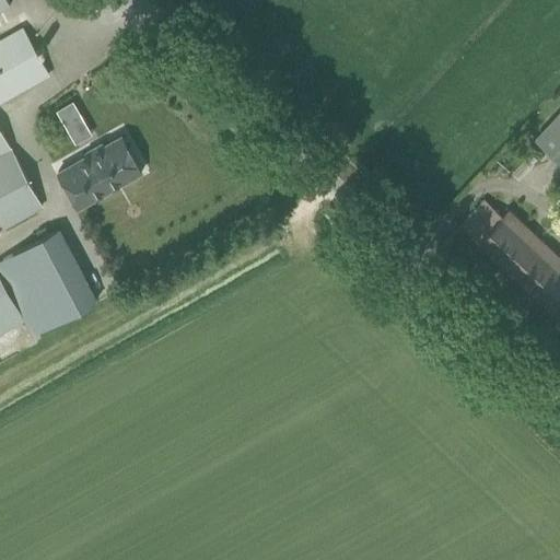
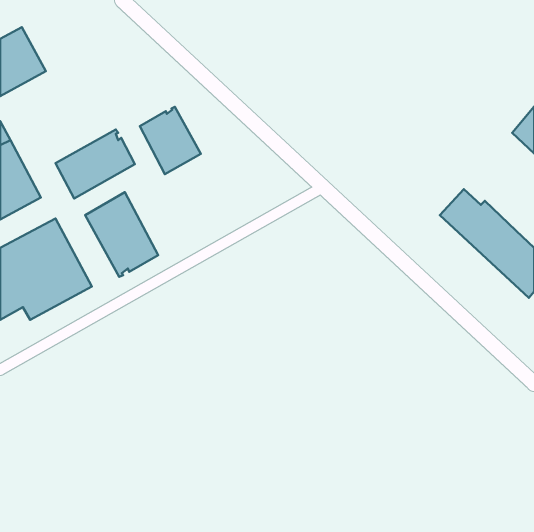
building: [57,103,92,145] -> none
building: none -> [140,107,201,174]
building: none -> [85,192,158,277]

